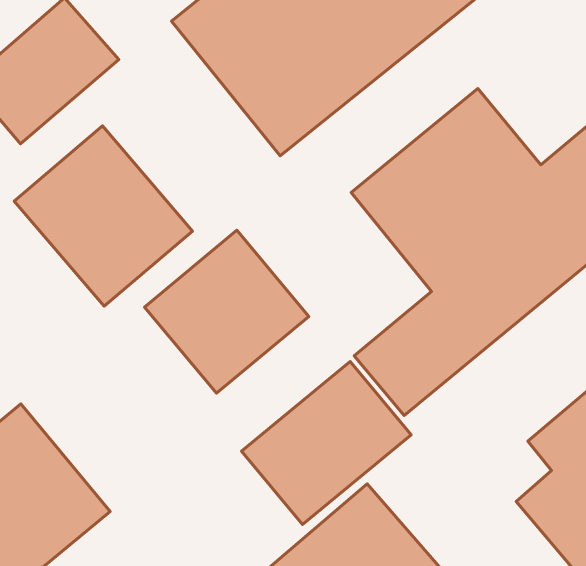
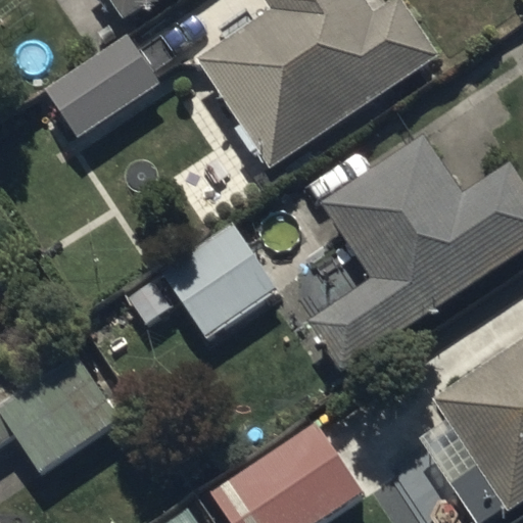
building: [14,126,193,306] -> none
building: [242,361,411,525] -> none

